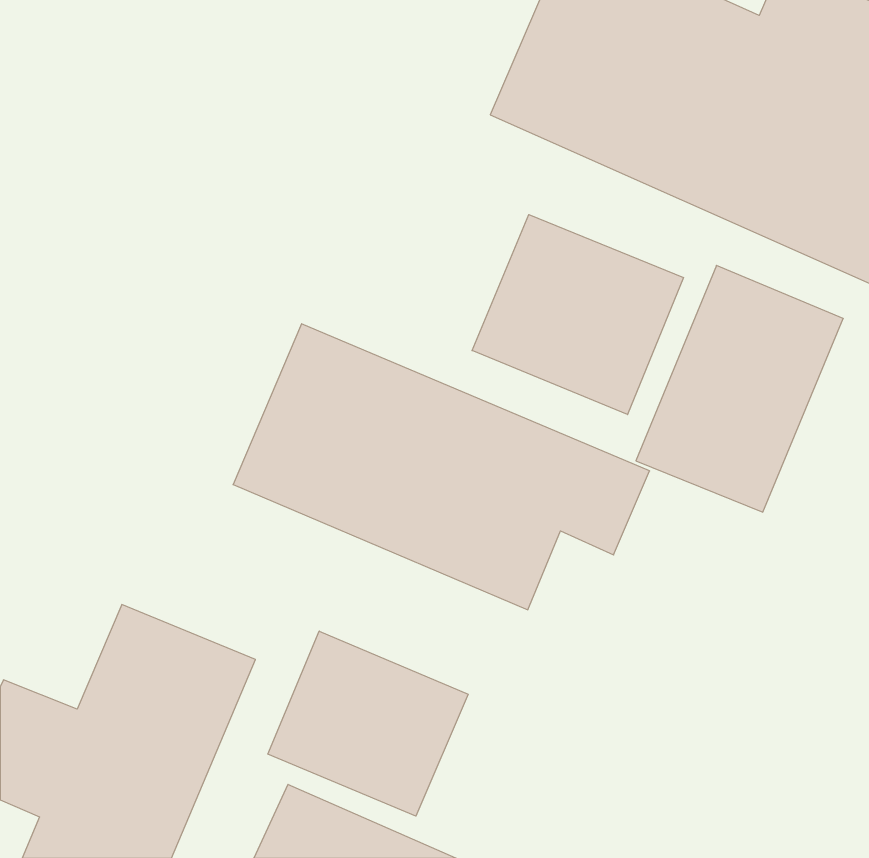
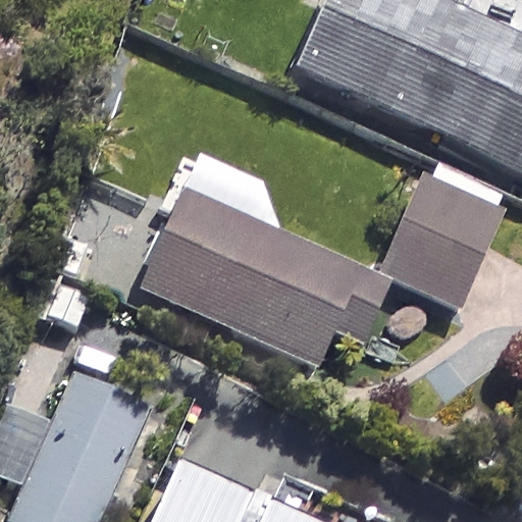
building: [472,215,683,415] -> none
building: [268,631,468,816] -> none

